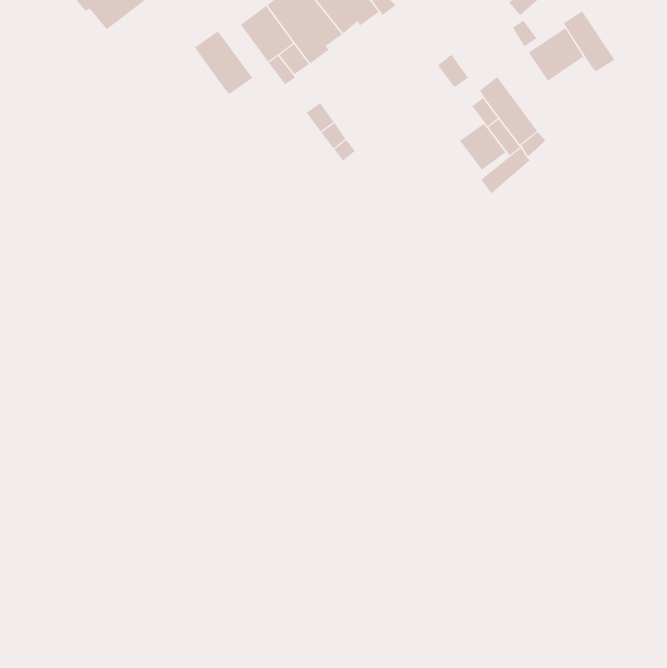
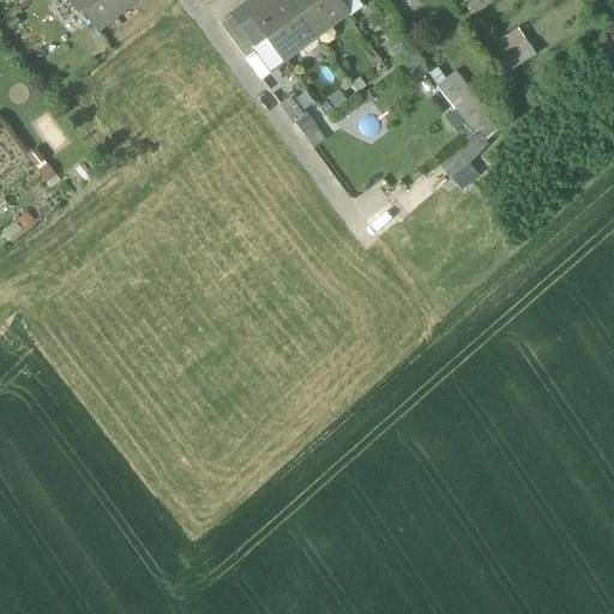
building: [563,11,615,72] -> none
building: [194,30,253,95] -> none
building: [459,123,506,170] -> none

